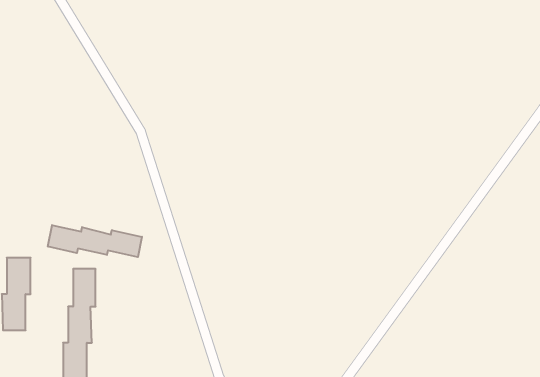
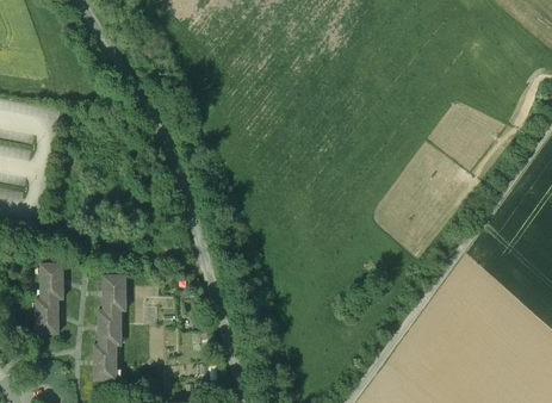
building: [48,225,142,257] -> none

